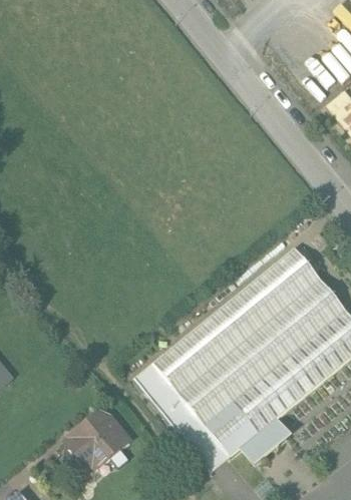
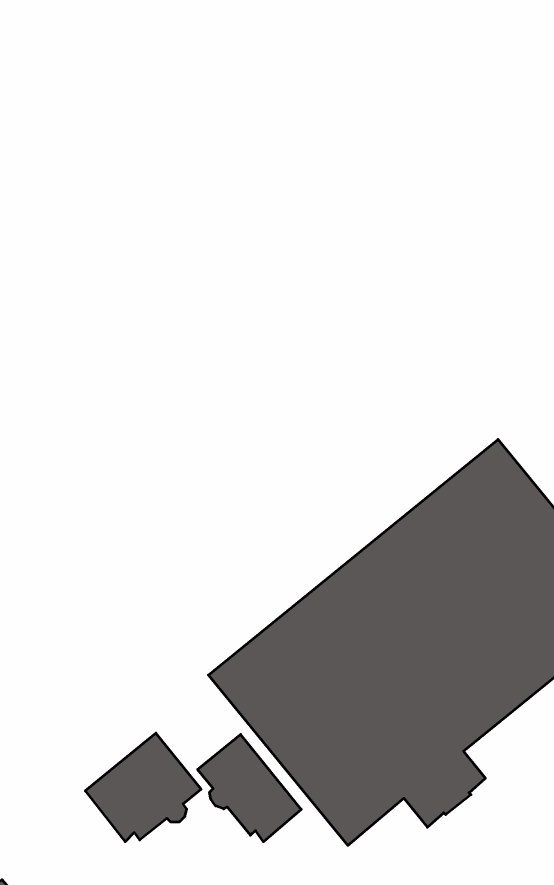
building: none -> [198,734,301,842]

